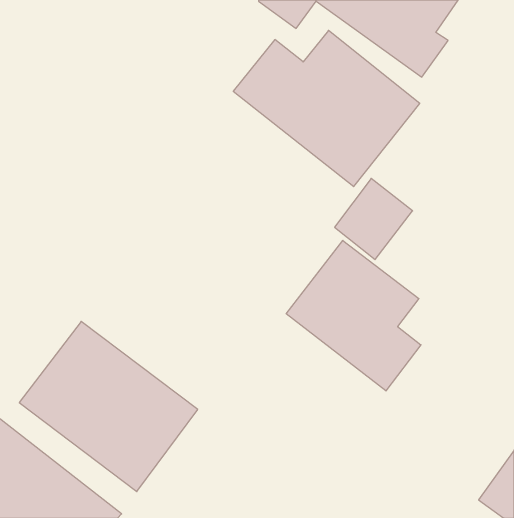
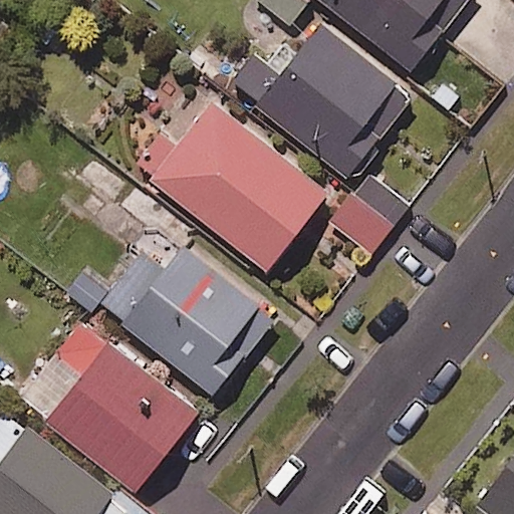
building: none -> [154,107,333,277]
building: none -> [66,234,270,383]
building: [286,240,421,391] -> none

